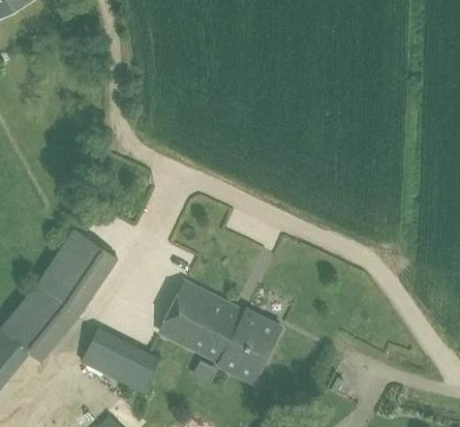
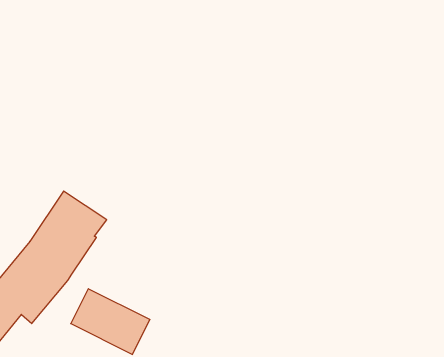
building: [159,281,281,384] -> none

